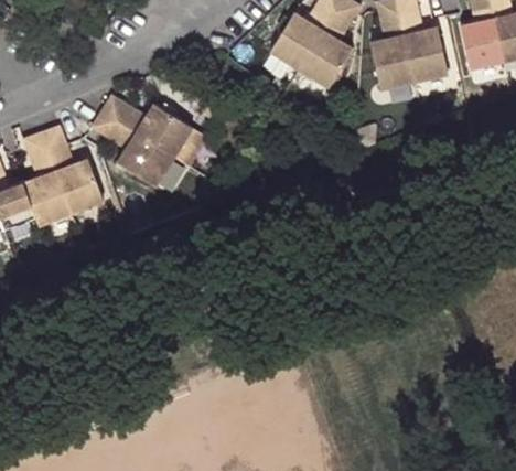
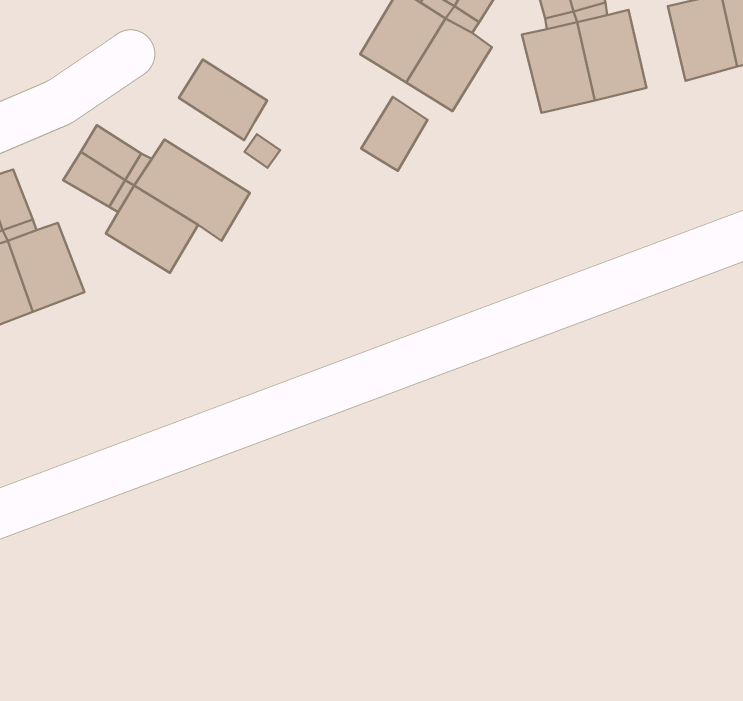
building: none -> [179,60,267,140]
building: none -> [361,97,428,171]

